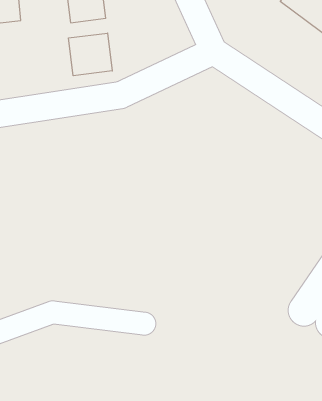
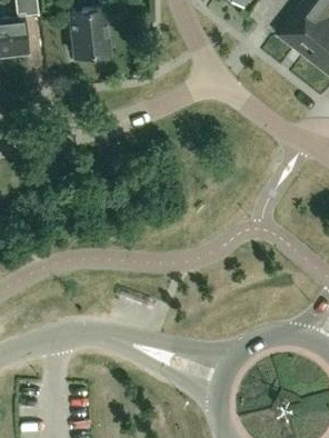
building: [69,33,112,76] -> none

